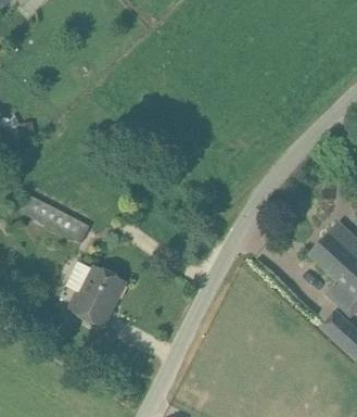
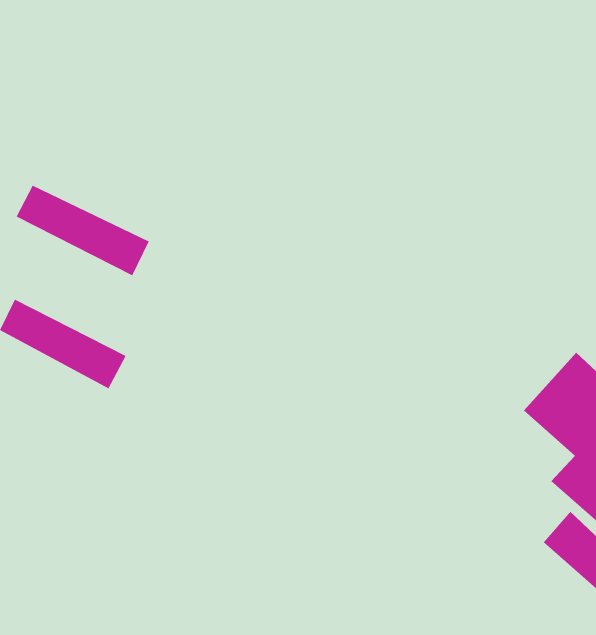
building: none -> [16,185,149,276]
building: [65,261,126,328] -> none

